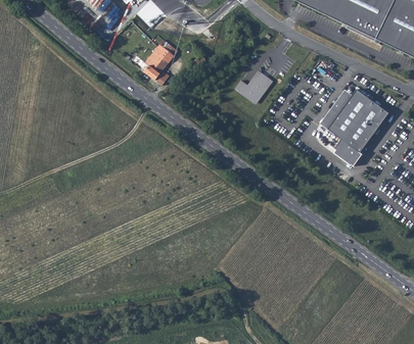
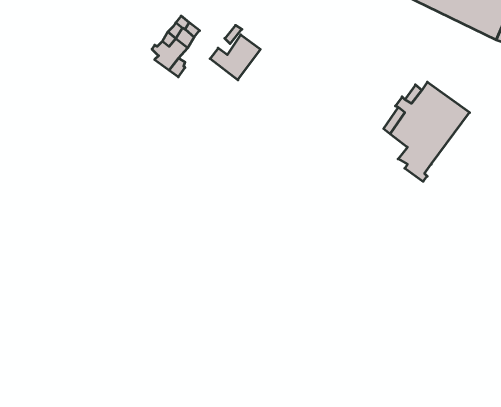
building: [234,69,273,104] -> [210,35,260,80]

